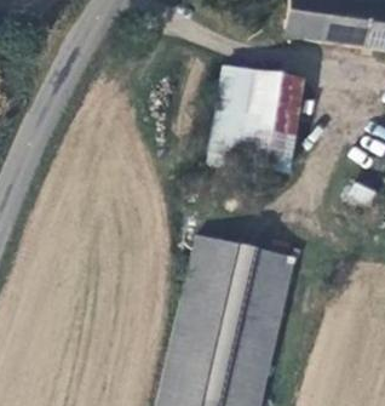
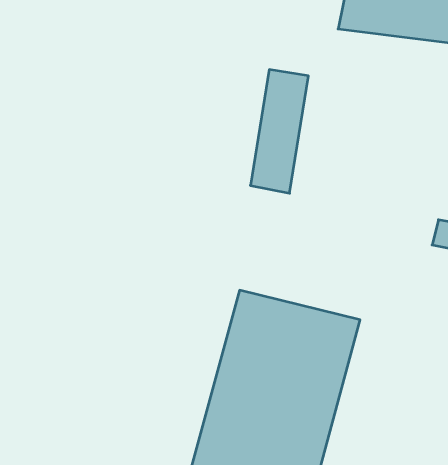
building: [241,70,303,168] -> none

